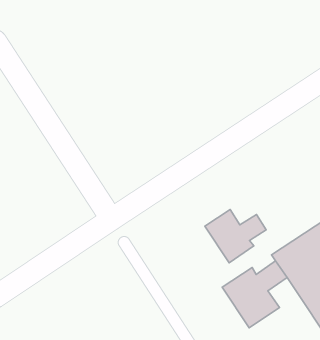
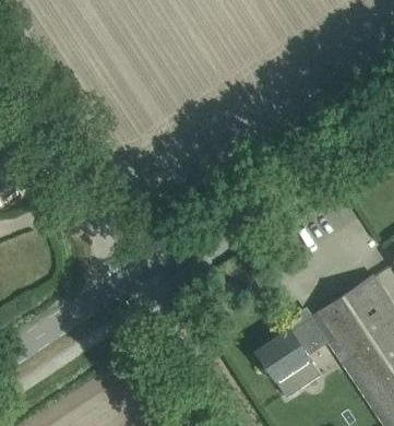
building: [205,210,266,263] -> none

